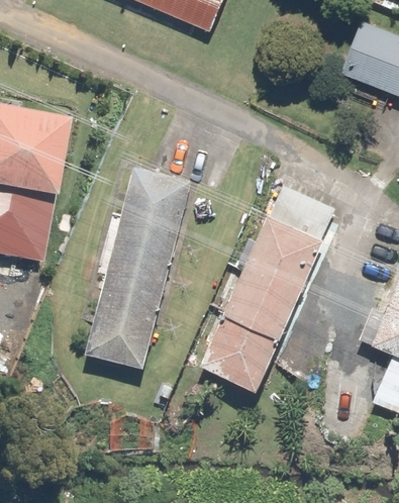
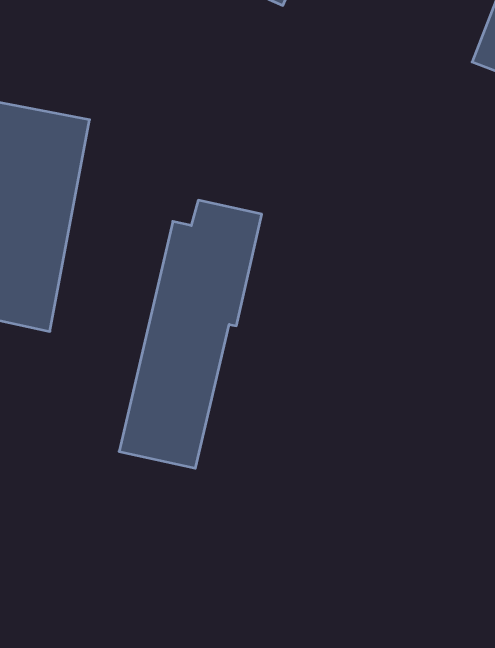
building: [202,187,333,393] -> none

